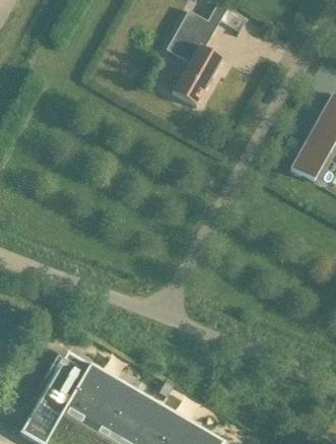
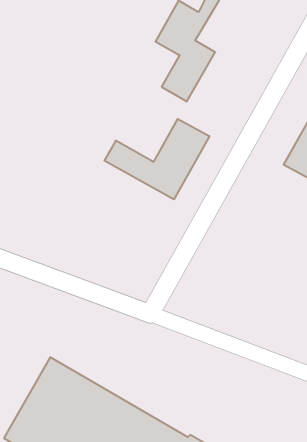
building: none -> [104,119,209,199]

